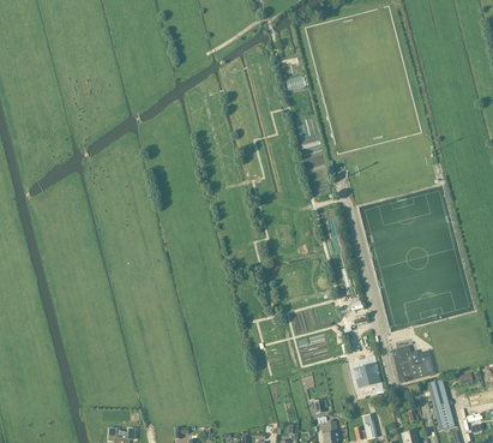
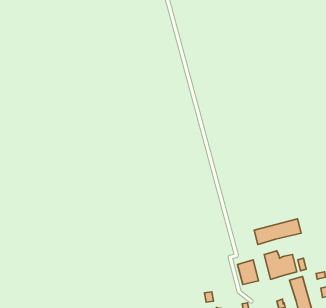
building: none -> [254,219,301,244]

